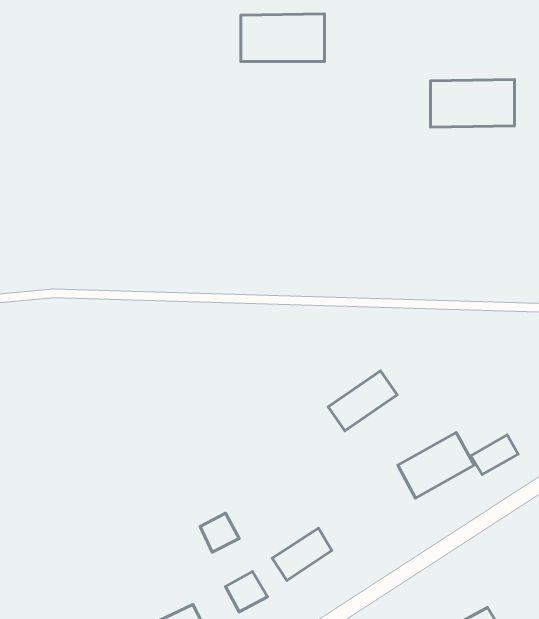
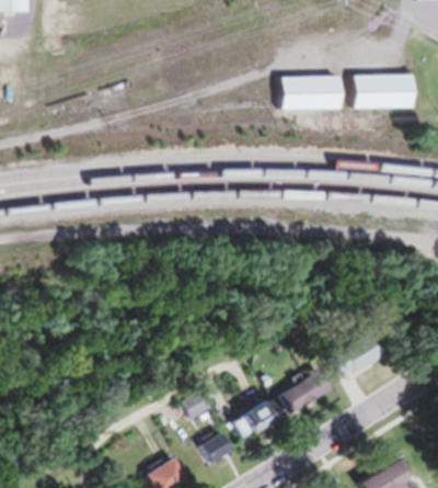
building: [241,14,324,62] -> [280,75,342,110]
building: [328,371,397,431] -> [279,371,330,415]
building: [471,435,518,475] -> none

